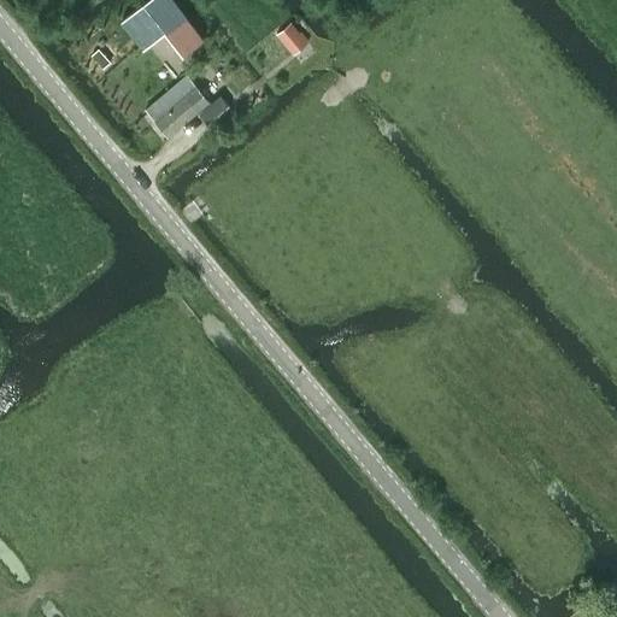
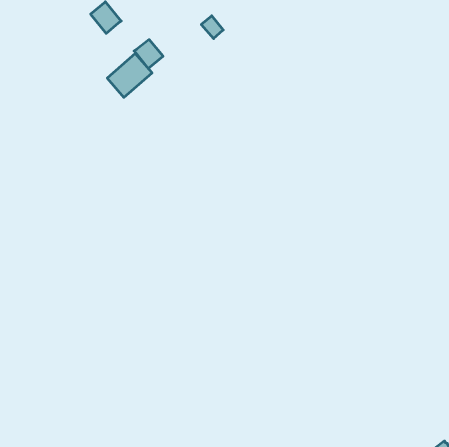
building: [163,18,202,58] -> [134,40,163,69]

